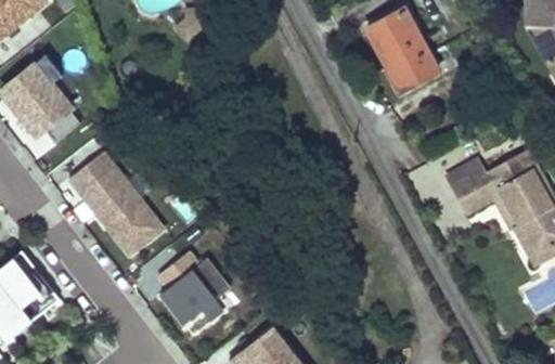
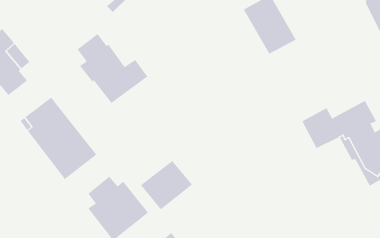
building: none -> [77,33,148,104]
building: none -> [140,160,193,210]

